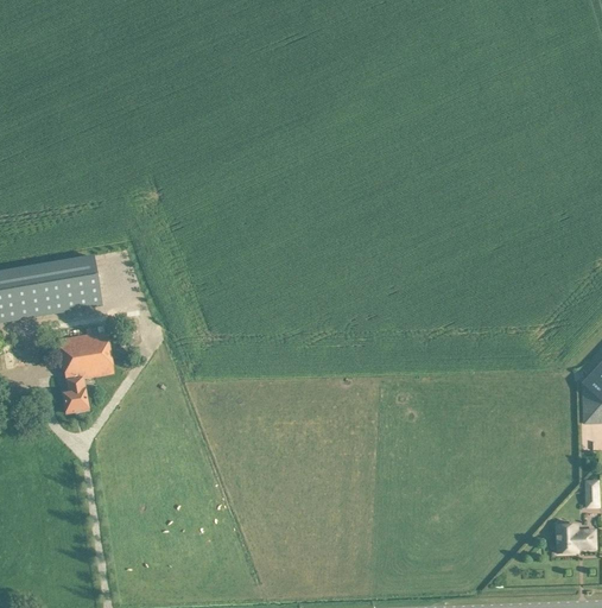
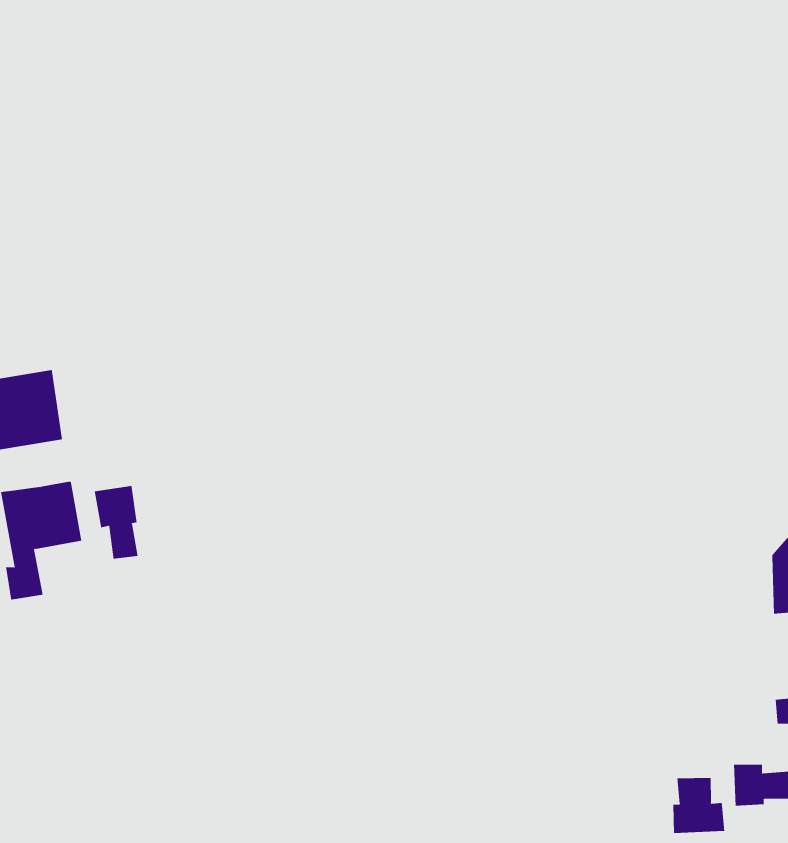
building: none -> [94,485,138,559]
building: none -> [673,777,725,834]

